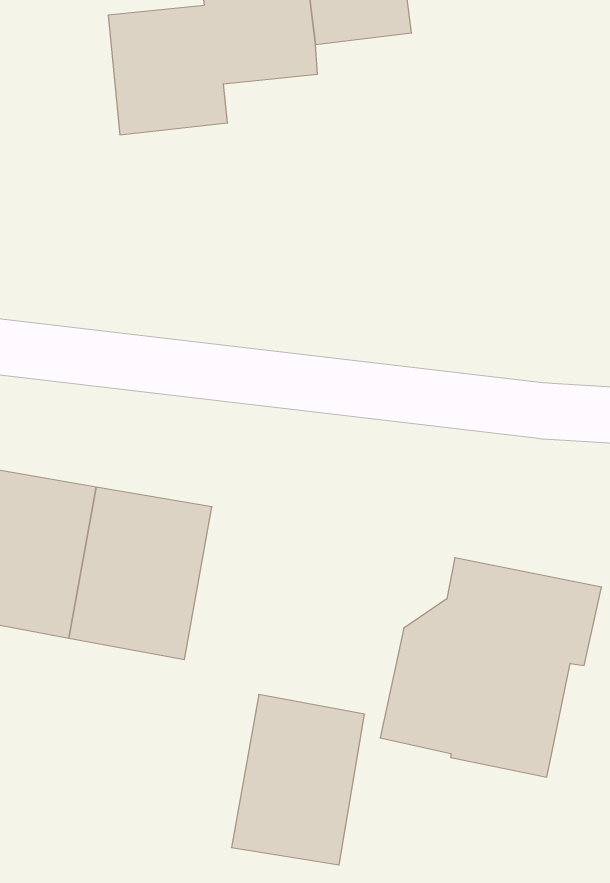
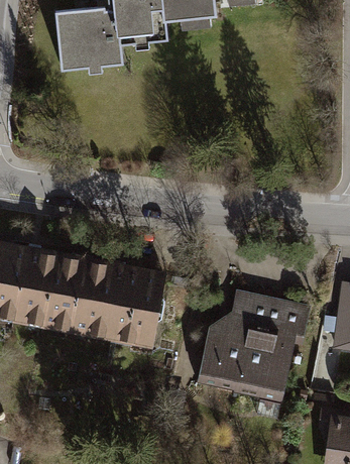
building: [231,695,365,865] -> [96,262,164,350]

